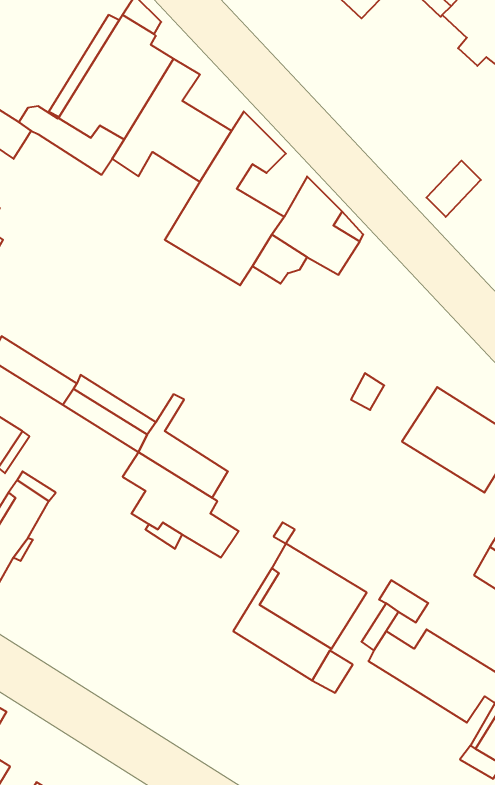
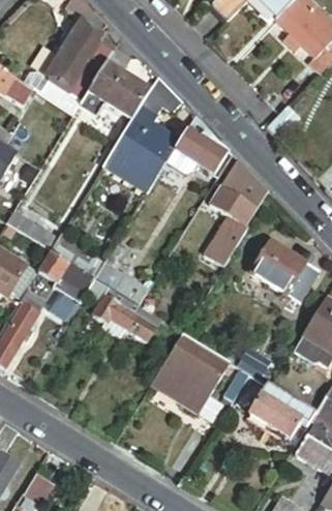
building: none -> [210,175,266,230]
building: none -> [38,250,95,302]

